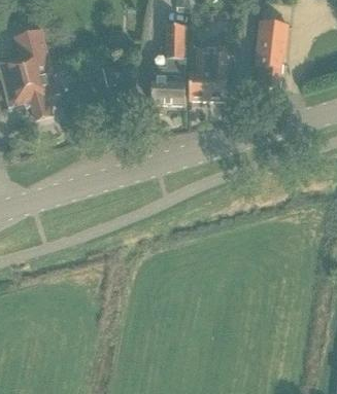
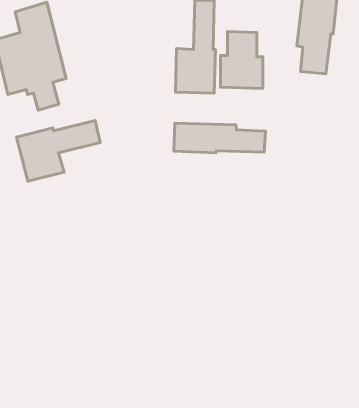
building: none -> [16,120,100,181]
building: none -> [174,123,265,153]

